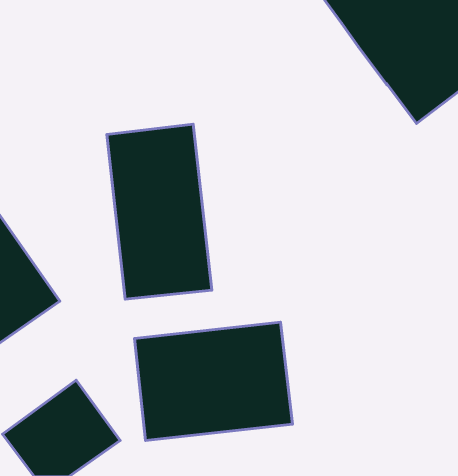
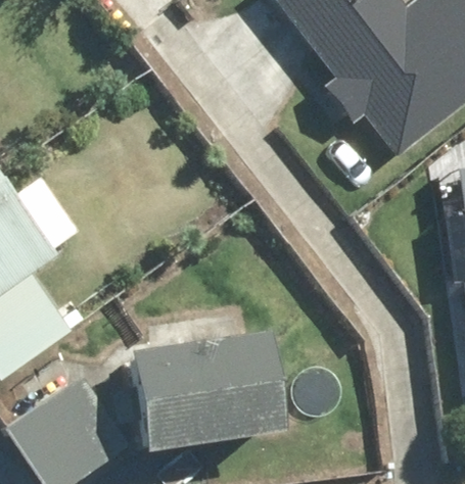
building: [107,124,212,299] -> none

